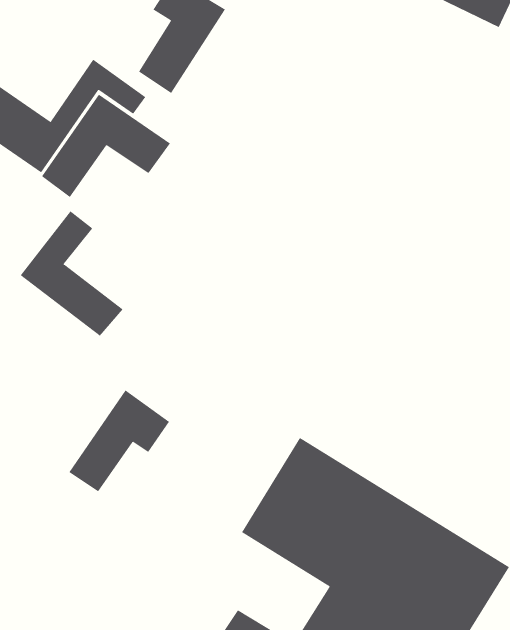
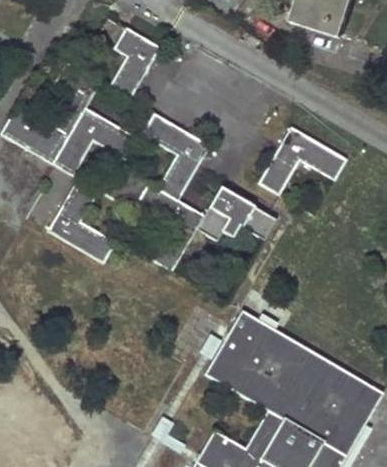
building: none -> [131,114,276,271]
building: none -> [262,129,348,196]
building: [69,390,170,492] -> none

